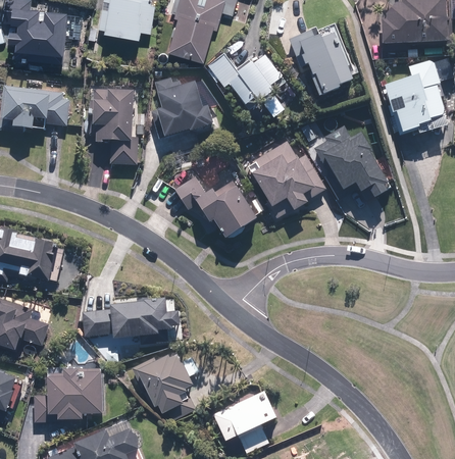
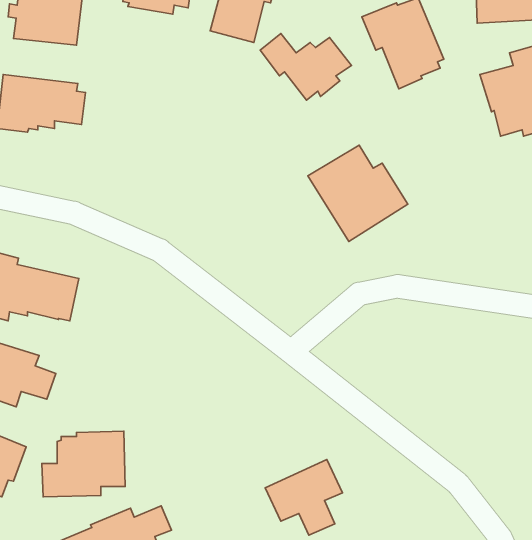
building: [153,78,212,138] -> none
building: [90,90,139,164] -> none
building: [315,126,390,201] -> none
building: [178,177,256,237] -> none
building: [84,300,179,337] -> none
building: [134,354,198,419] -> none

